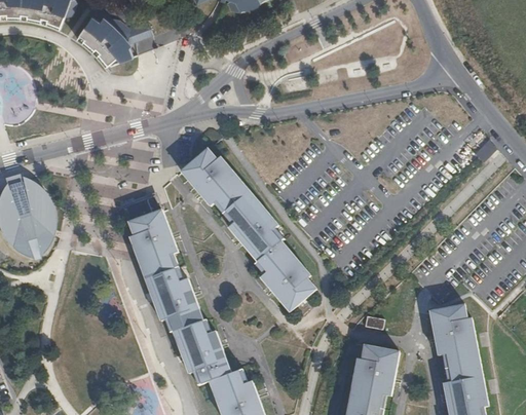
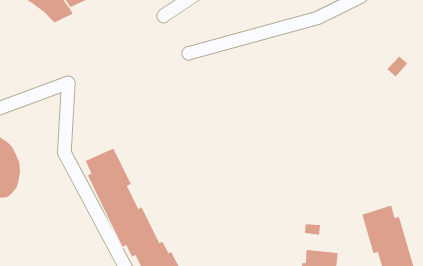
building: [181,149,316,311] -> none

